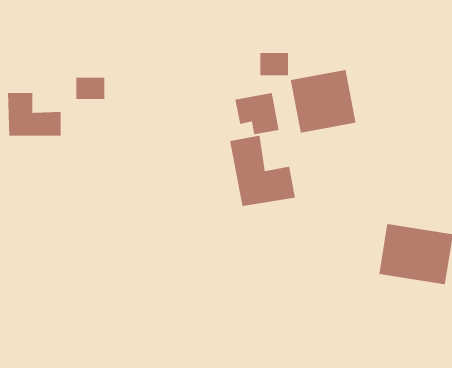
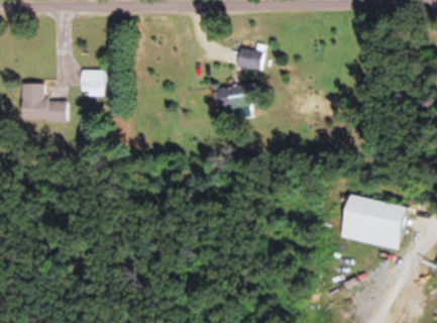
building: [290,69,356,134] -> none
building: [230,135,296,207] -> none

